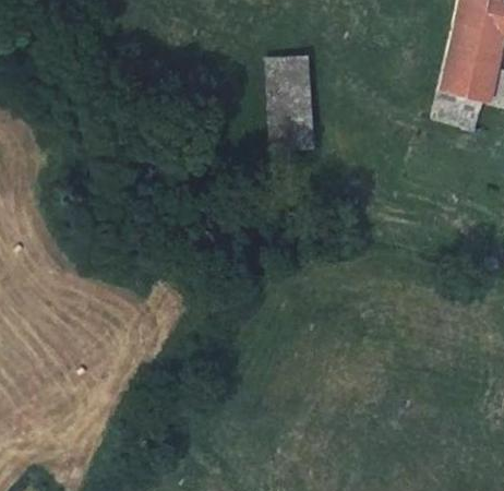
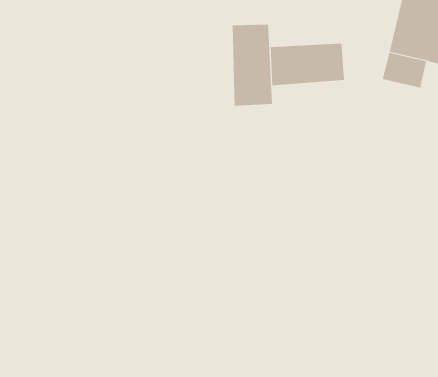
building: none -> [270,43,344,86]

